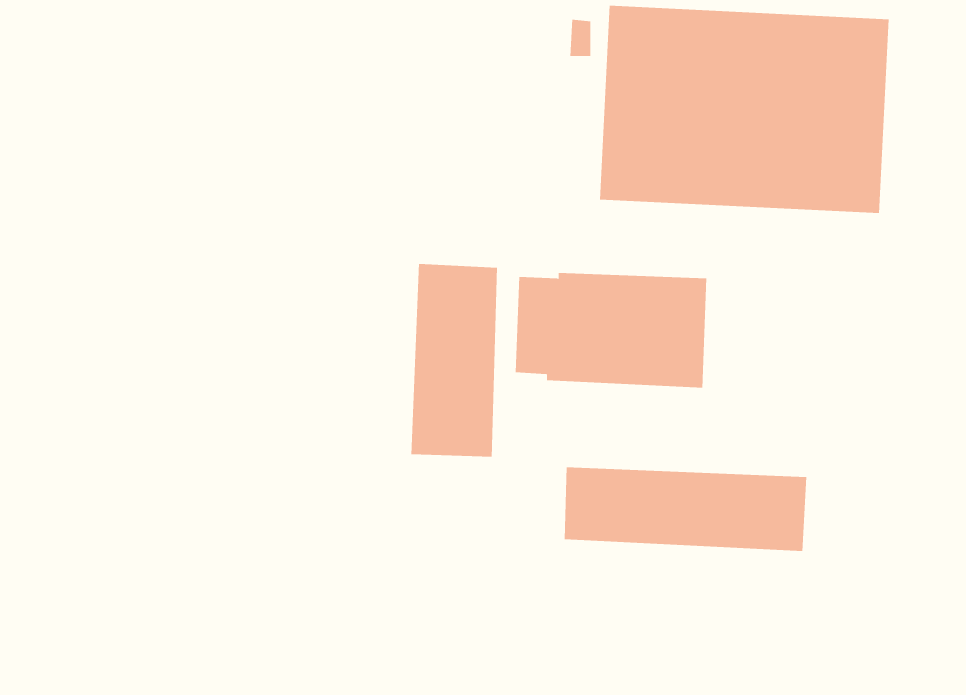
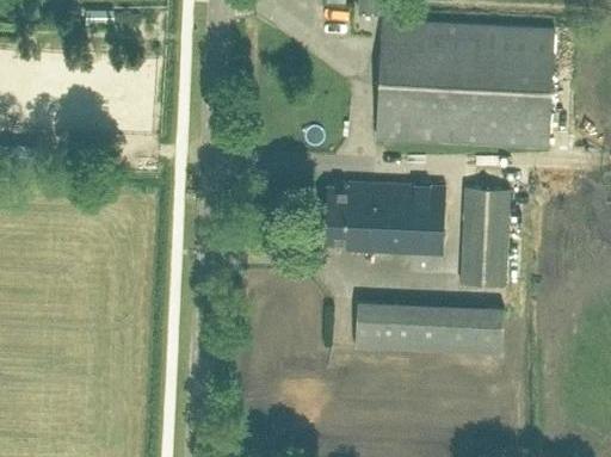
building: [411,263,497,457] -> none
building: none -> [459,187,510,285]

